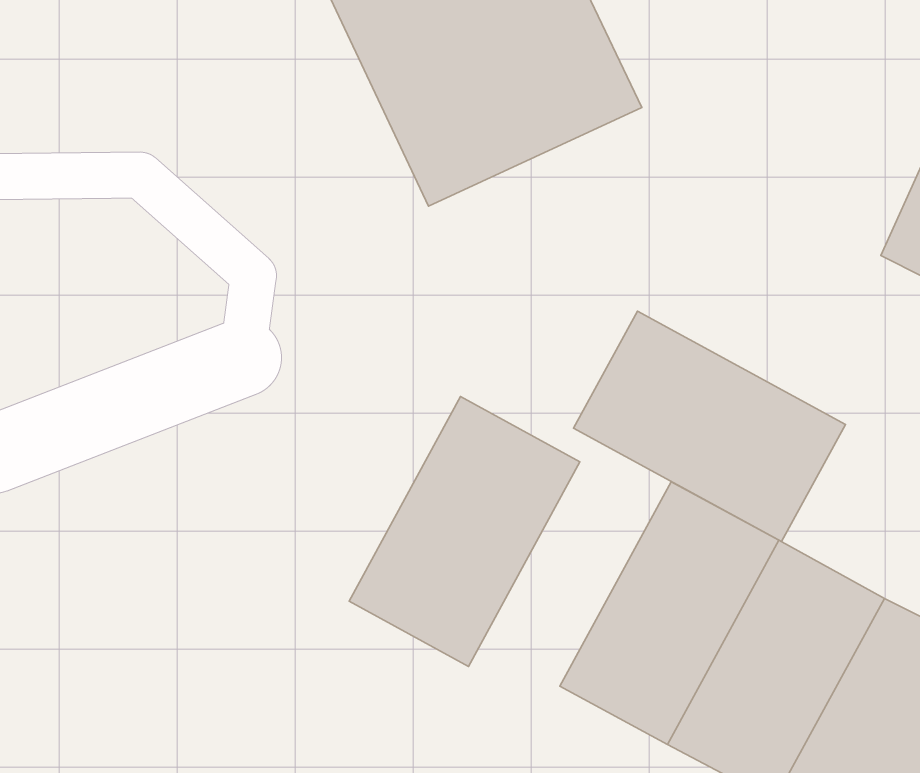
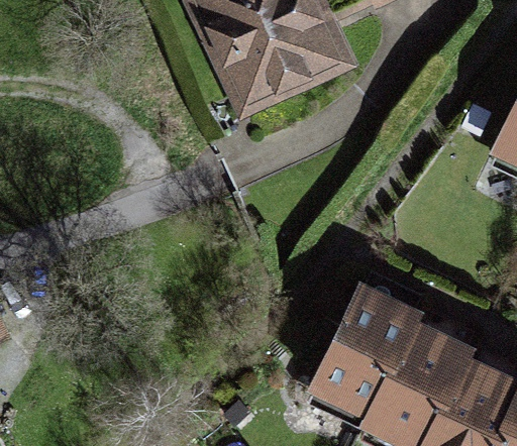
building: [574,311,846,542] -> none
building: [349,397,580,666] -> none

